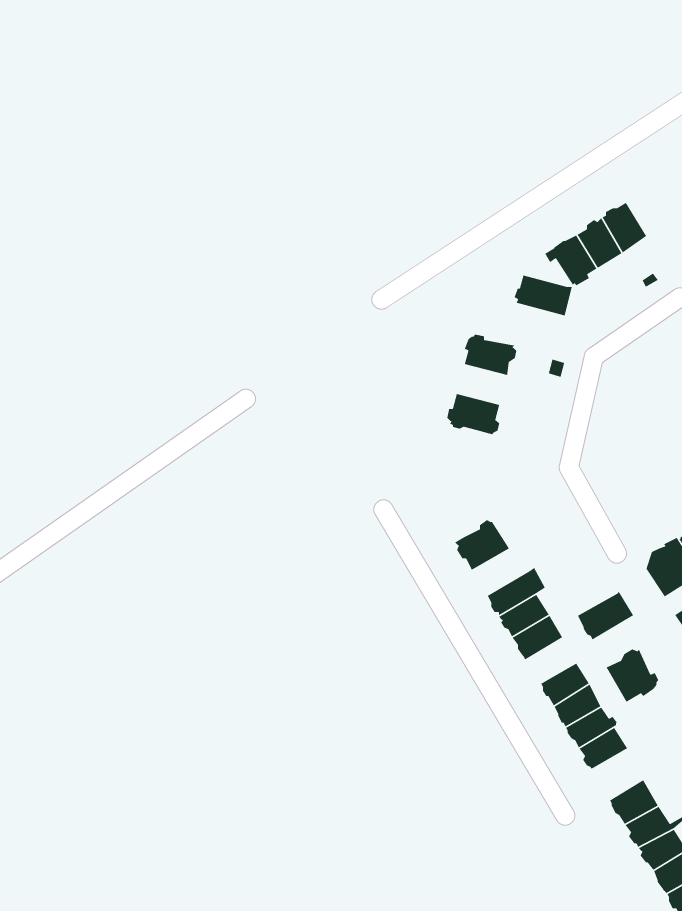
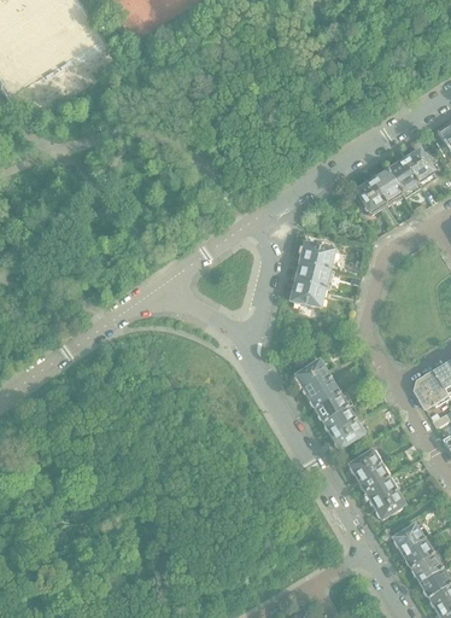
building: none -> [403,148,433,181]
building: [513,275,573,317] -> [294,262,332,288]
building: [577,591,634,640] -> [305,377,341,408]
building: [605,648,659,703] -> none

